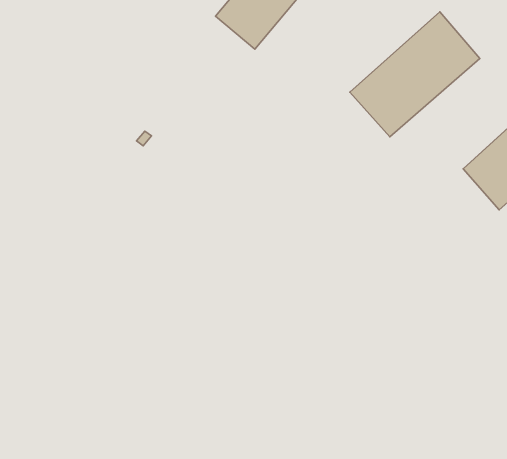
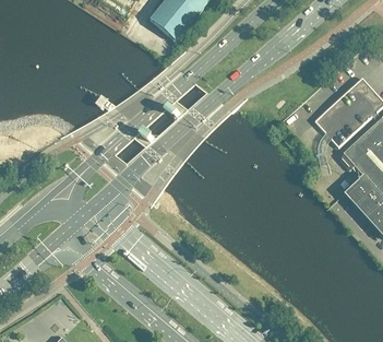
building: [350,12,480,137] -> none

